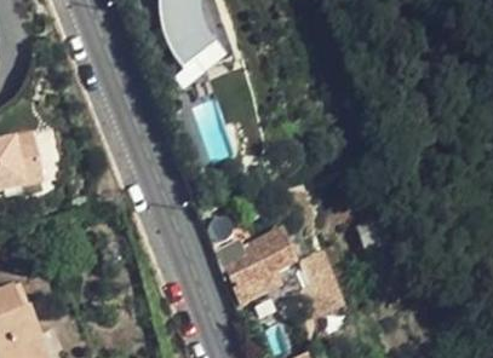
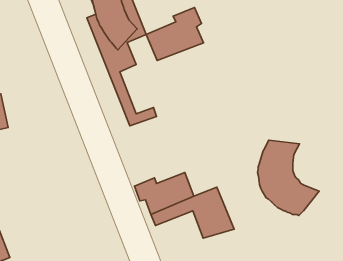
building: none -> [146,8,204,60]
building: none -> [258,140,319,215]

